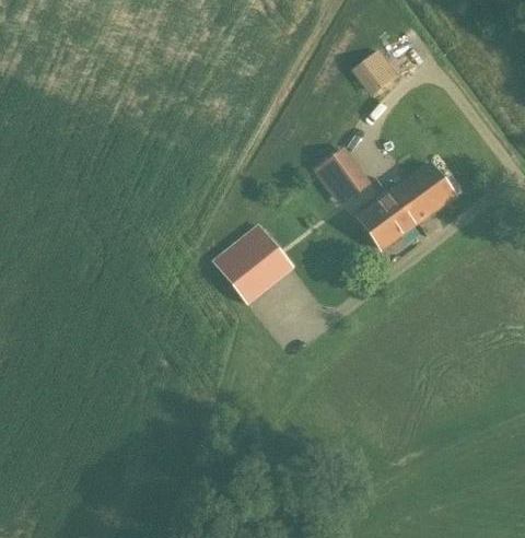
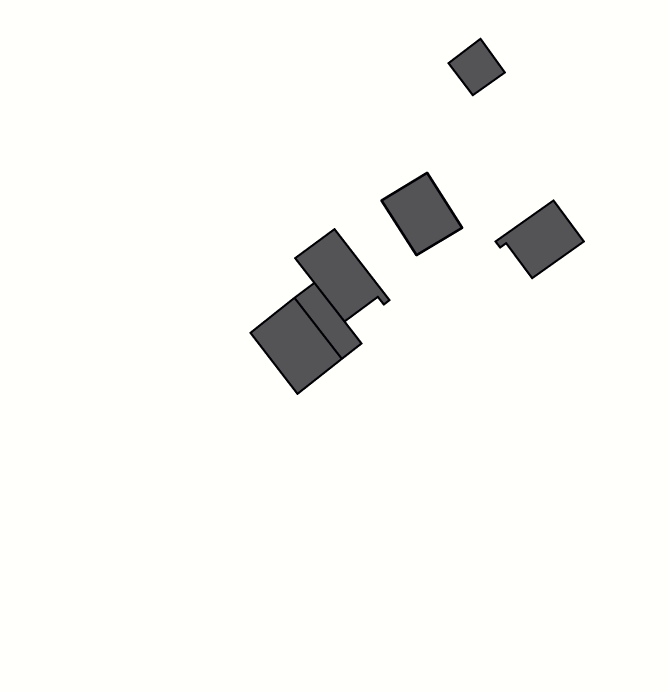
building: none -> [295,229,390,321]
building: [359,195,417,247] -> none

